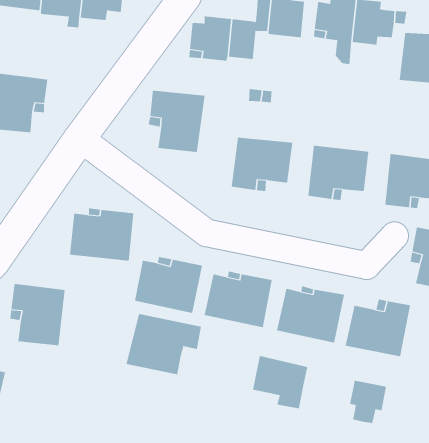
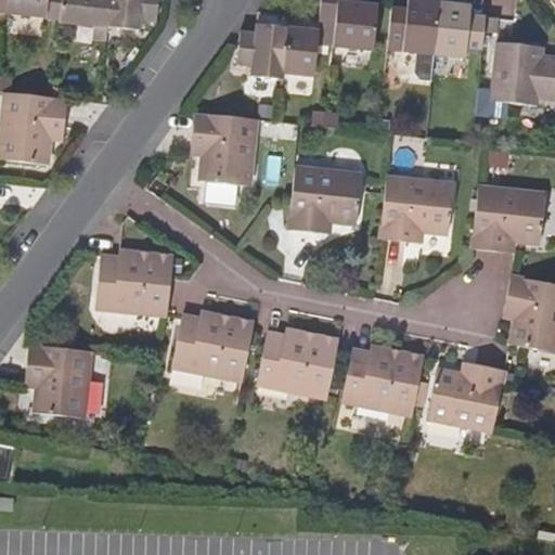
building: [126,313,202,375] -> none
building: [252,355,308,409] -> none
building: [350,380,387,424] -> none

